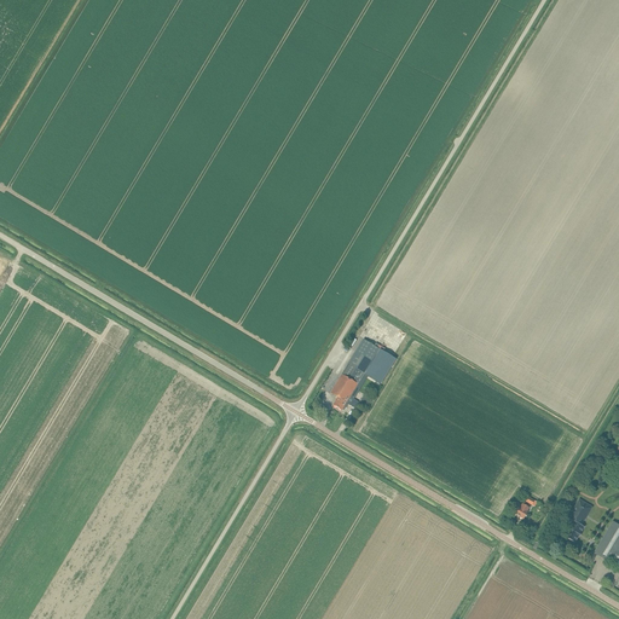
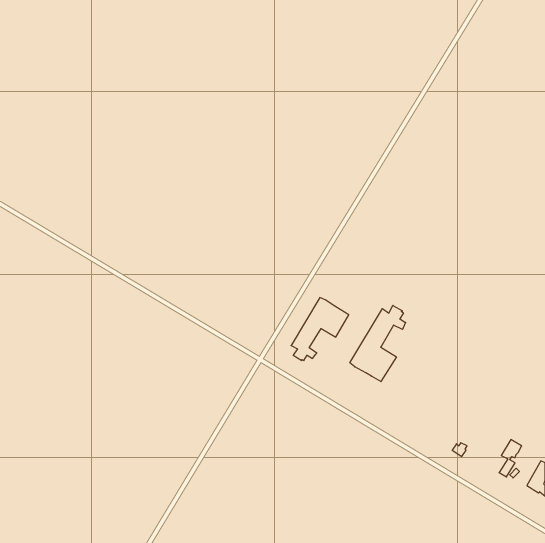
building: none -> [350,305,406,382]

